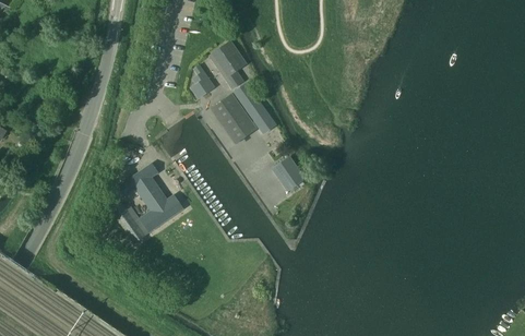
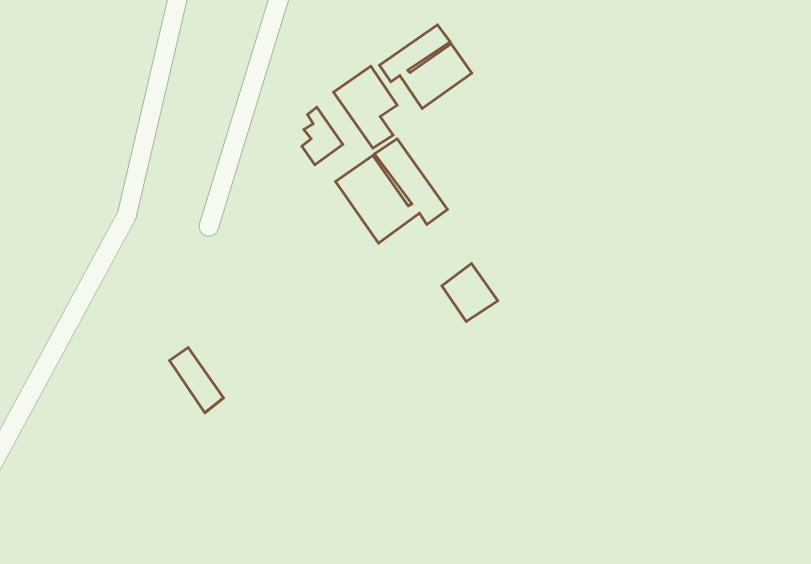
building: none -> [380,25,472,108]
building: [118,163,183,232] -> none

